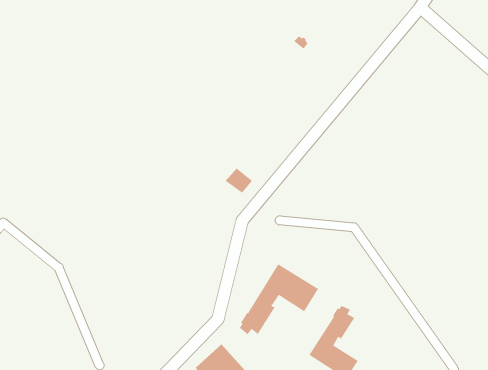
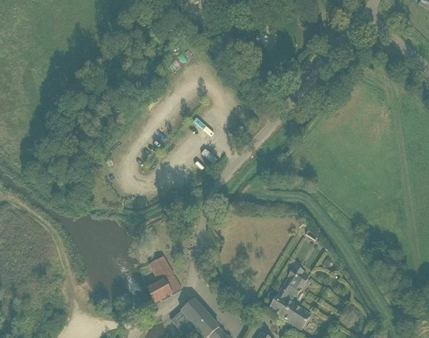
building: [239,264,319,335] -> none
building: none -> [146,255,181,303]

